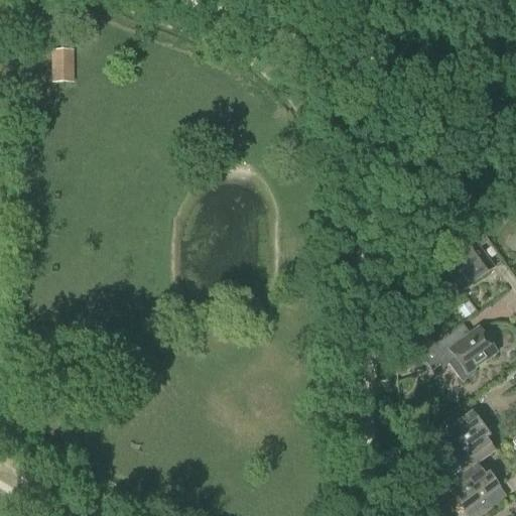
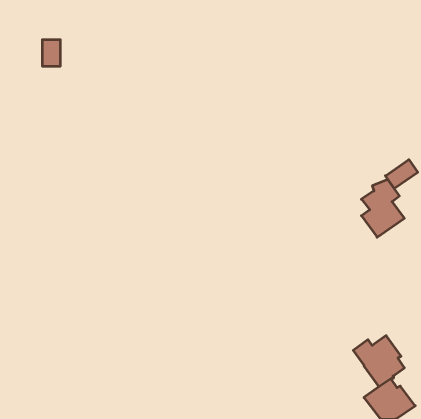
building: none -> [385,160,418,189]
building: [409,321,497,380] -> none

